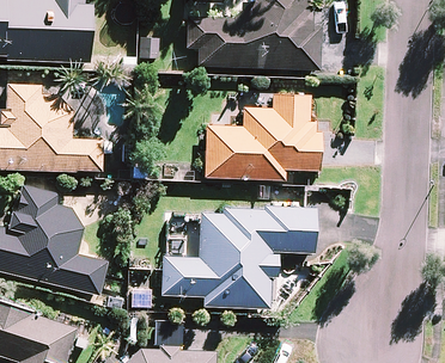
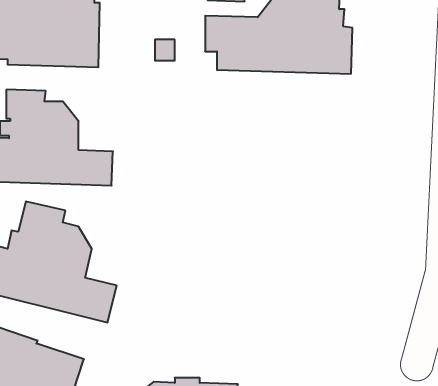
building: [205,94,321,179] -> none
building: [161,205,316,309] -> none

